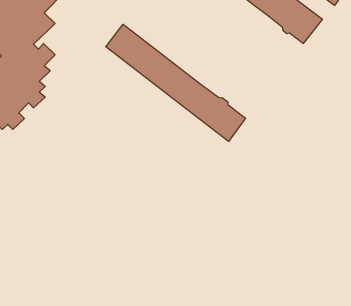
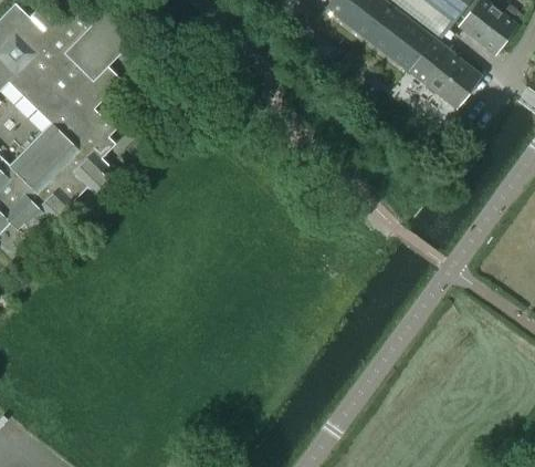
building: [106,24,246,141] -> none

